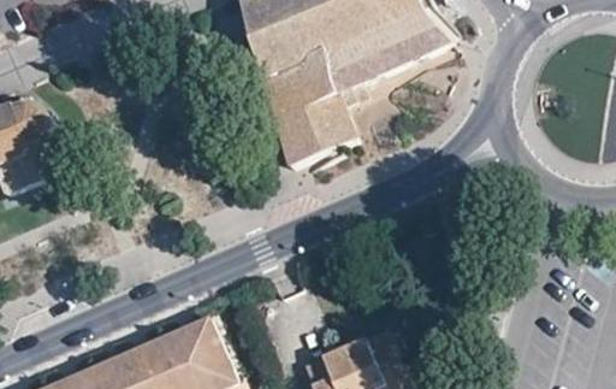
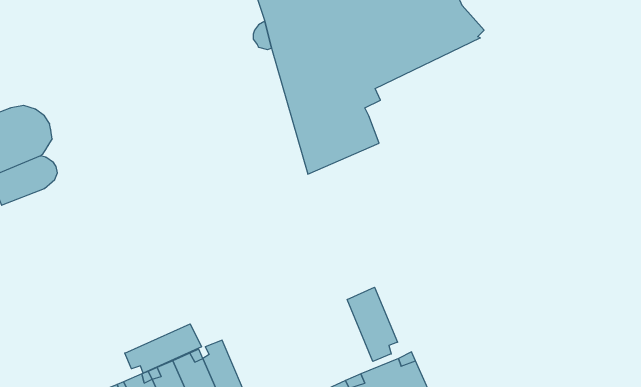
building: none -> [347,287,398,361]
building: none -> [125,324,201,373]

